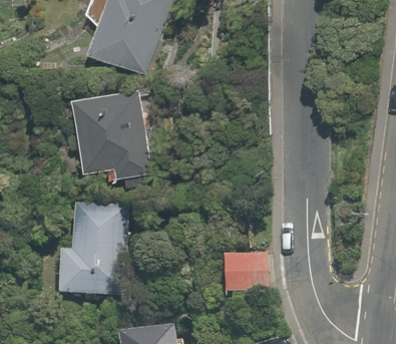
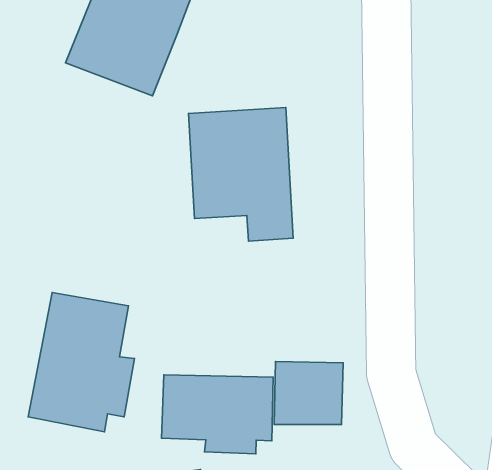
building: [77,89,147,179] -> [188,108,293,241]
building: none -> [161,375,273,454]

